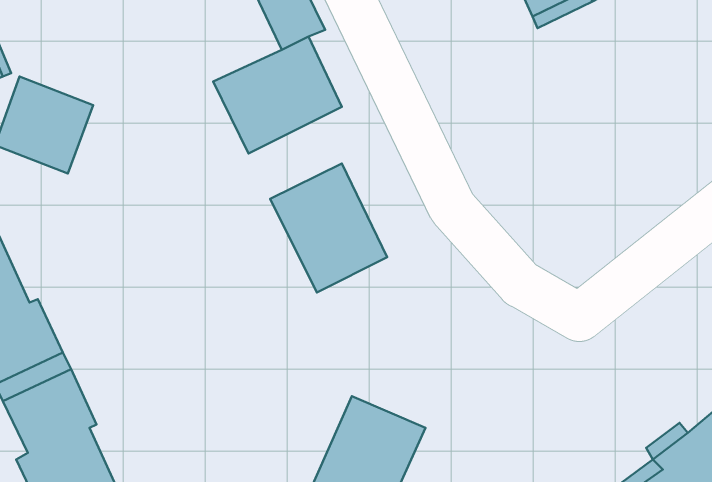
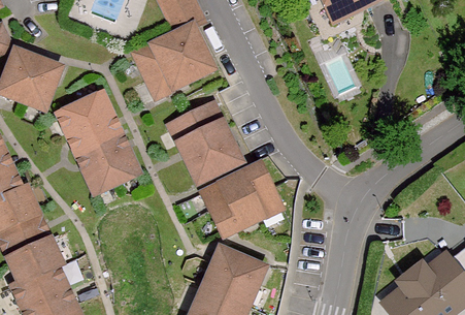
building: none -> [58,92,138,192]
building: none -> [202,162,281,234]

